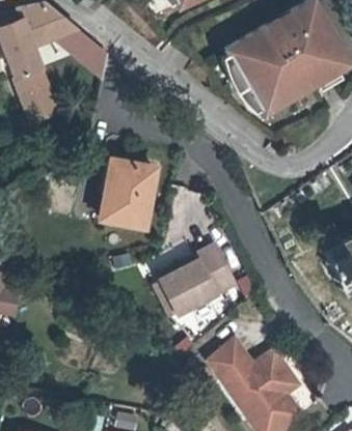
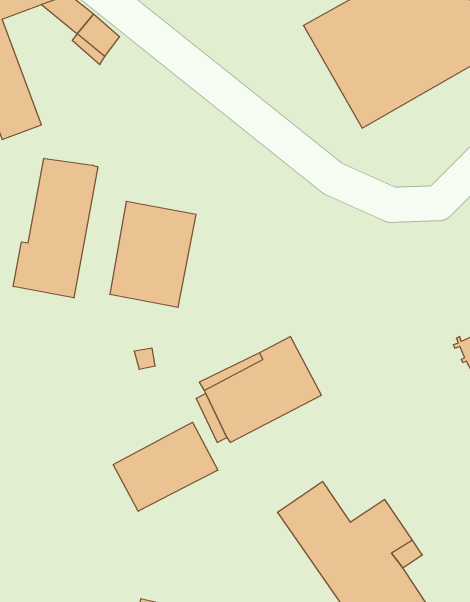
building: none -> [13,158,98,298]
building: none -> [113,422,218,511]

